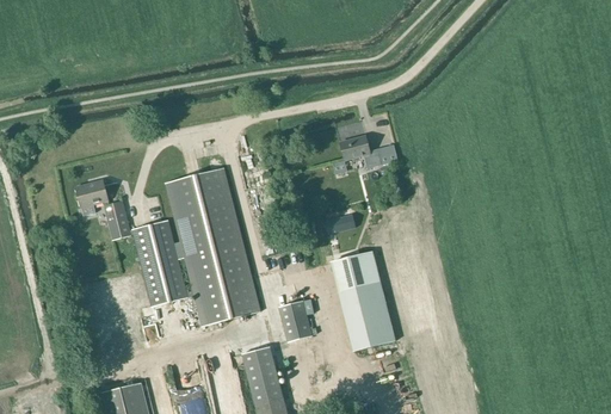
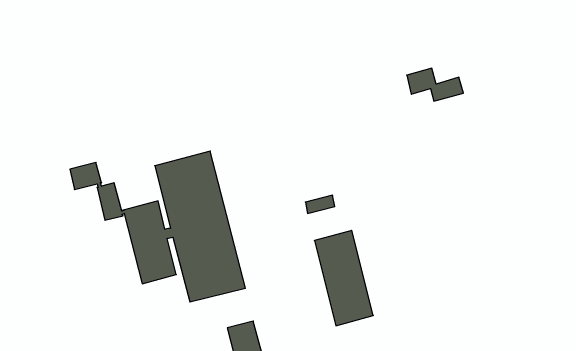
building: [339,134,399,168] -> [407,68,463,101]
building: [279,301,311,341] -> none

